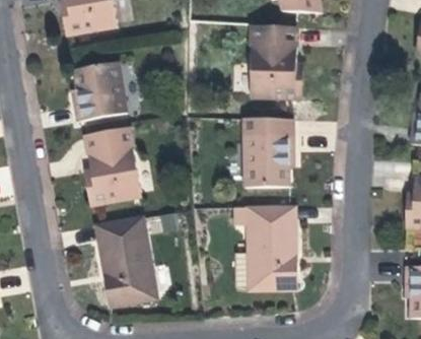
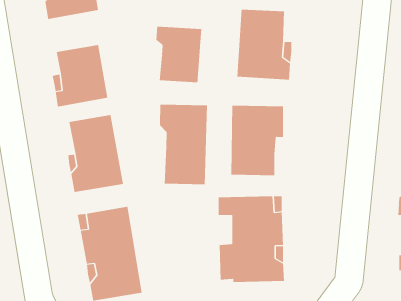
building: none -> [156,26,202,83]
building: none -> [159,104,208,185]

